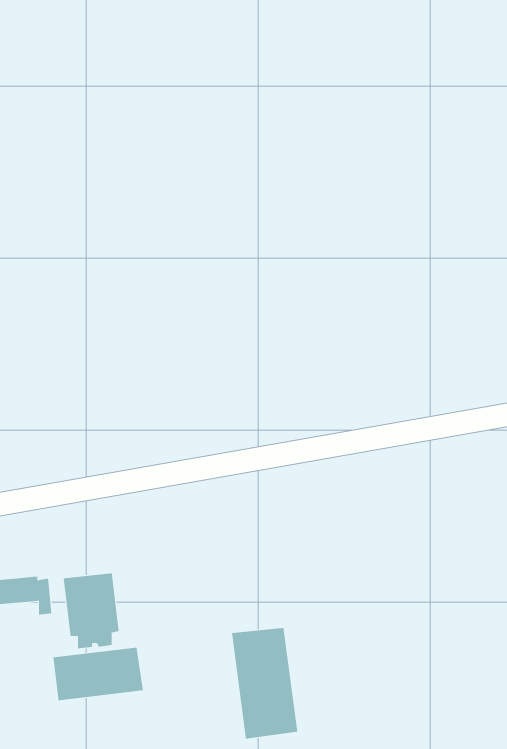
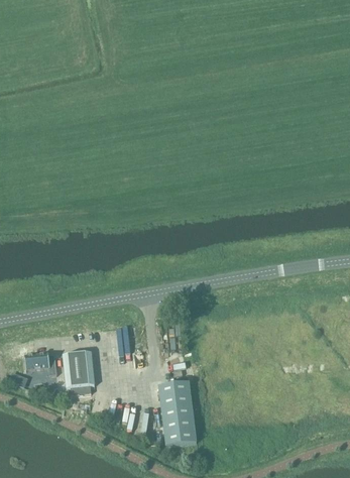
building: [53,647,143,701] -> none

